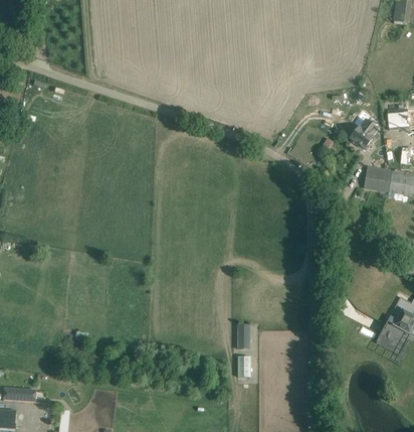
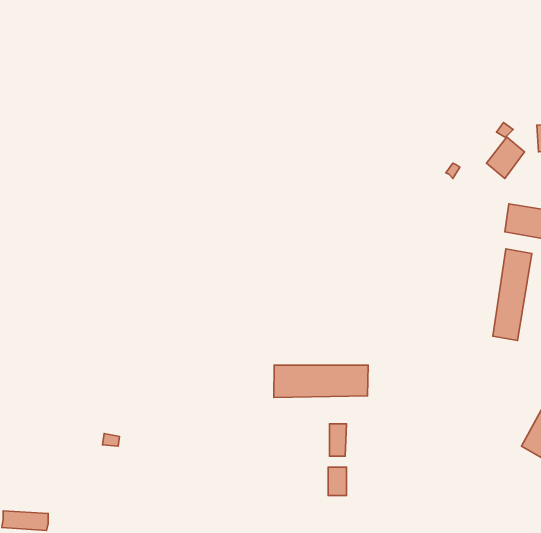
building: none -> [493,249,532,341]
building: none -> [274,365,368,397]

